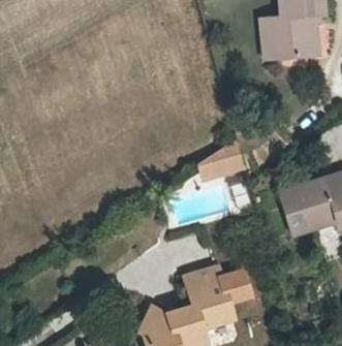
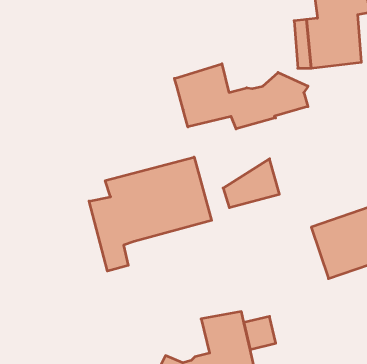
building: none -> [174,64,308,129]
building: none -> [89,157,212,271]

